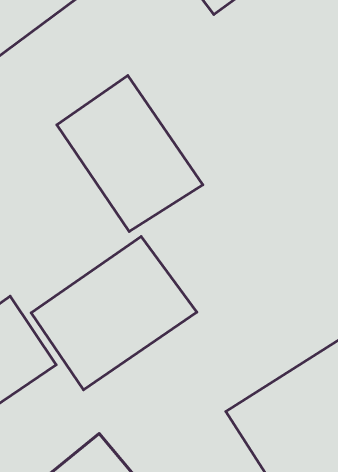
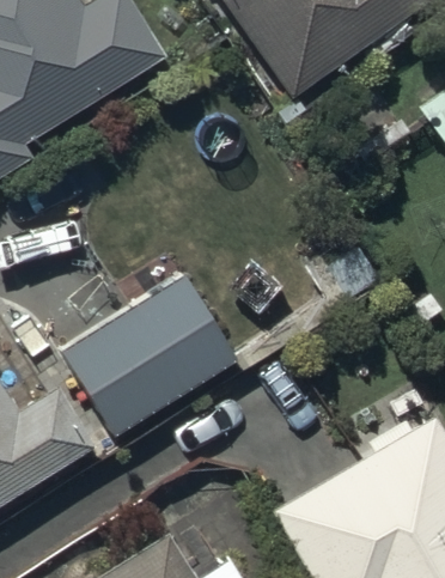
building: [57,76,203,232] -> none

